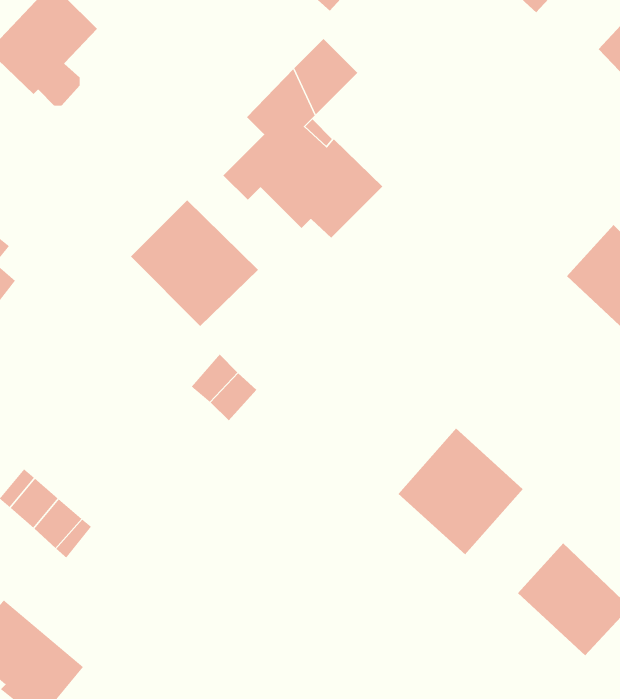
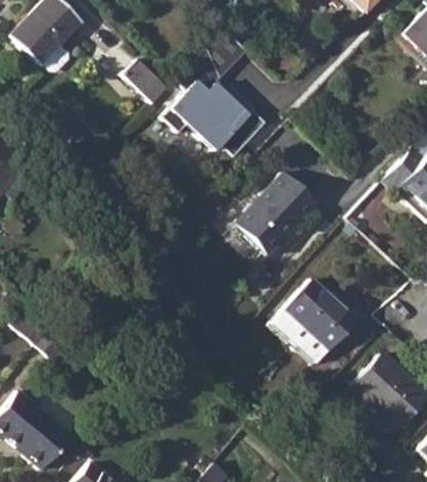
building: none -> [123,59,168,103]
building: [130,200,259,327] -> none
building: none -> [233,173,316,256]

